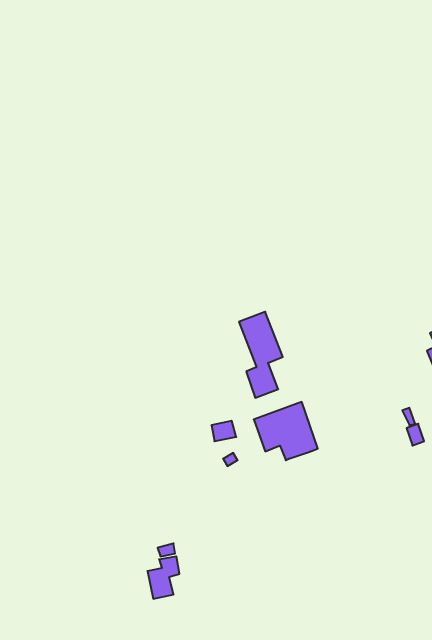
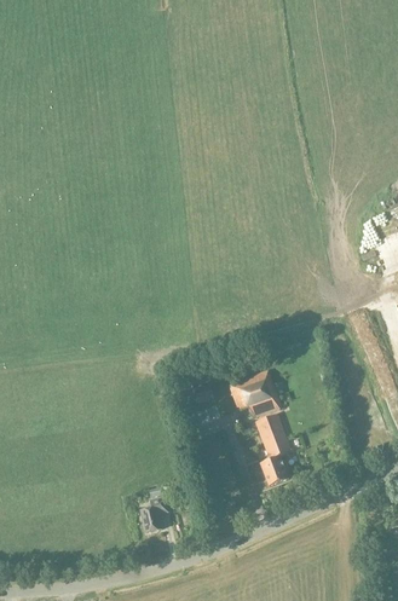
building: [239,312,283,398] -> [256,414,293,485]

